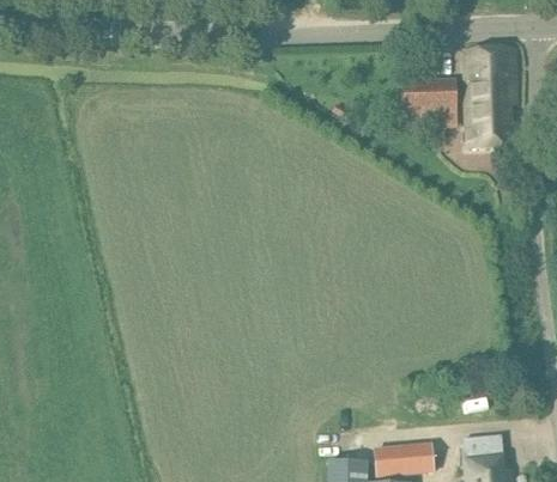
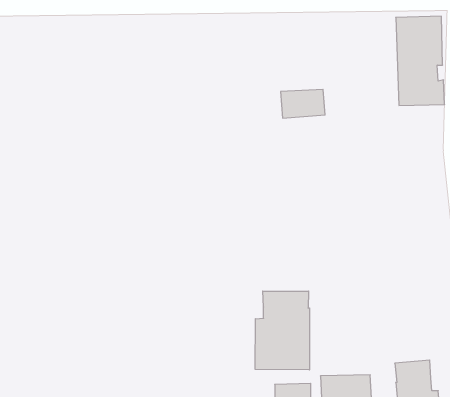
building: [406,81,456,114] -> [281,89,325,118]
building: none -> [255,291,309,370]

